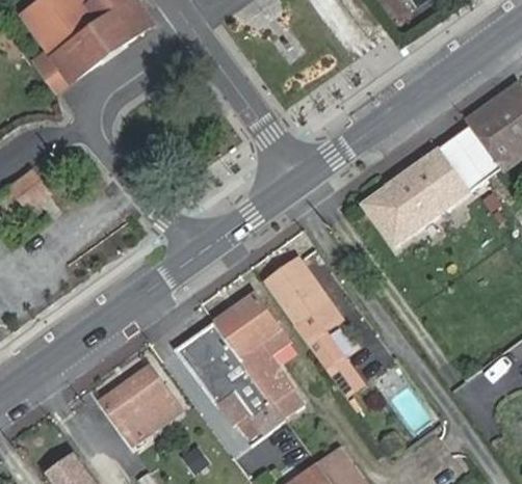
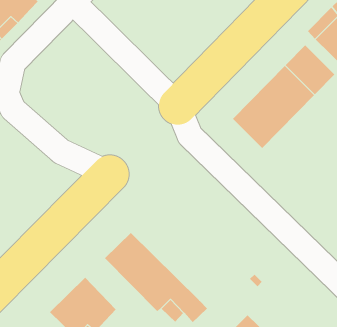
building: [268,254,364,392] -> none
building: [214,293,304,418] -> none

